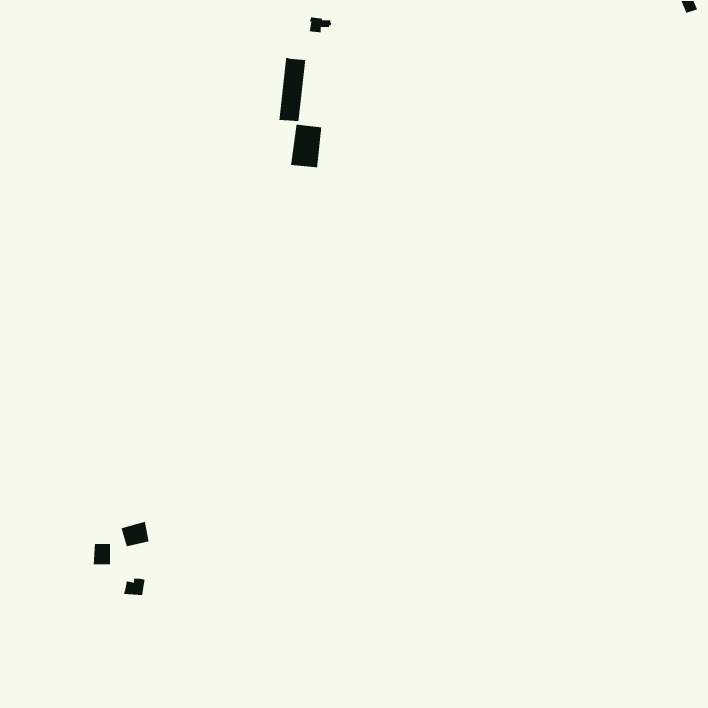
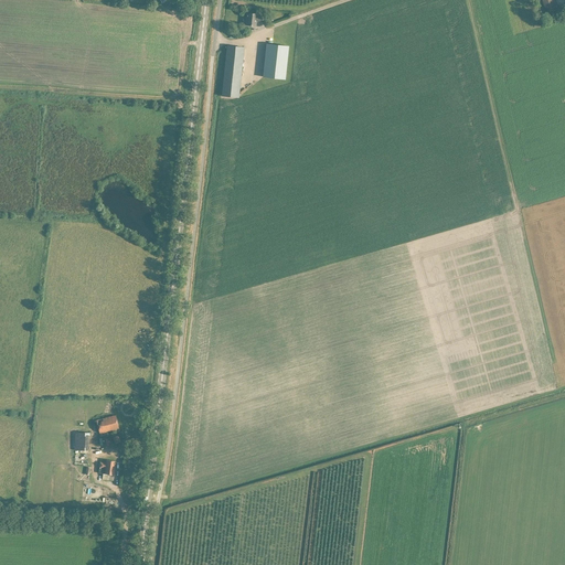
building: [290,124,322,168] -> [263,44,288,79]

